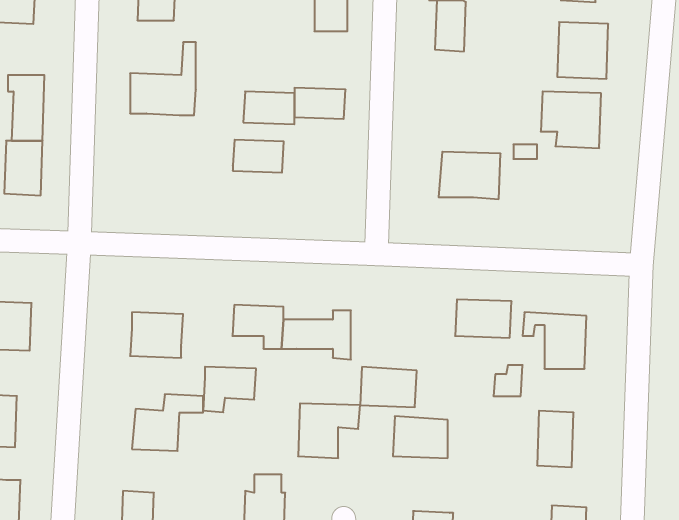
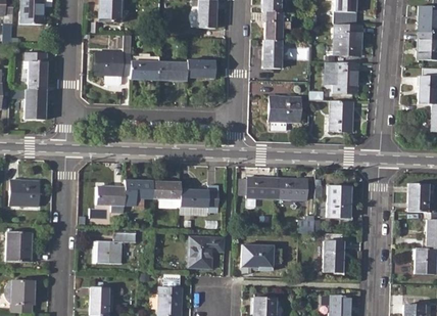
building: none -> [263,38,282,67]
building: [233,140,284,173] -> [131,60,159,79]
building: none -> [330,100,353,131]
building: [203,367,256,412] -> [124,180,153,206]
building: [360,367,417,407] -> [246,176,278,198]

